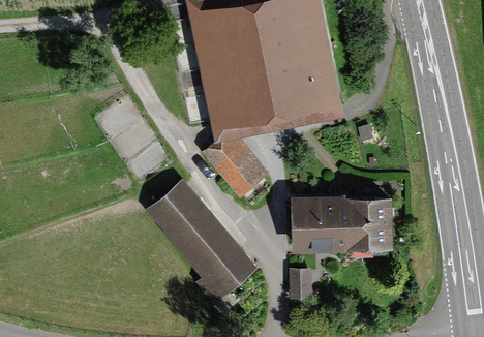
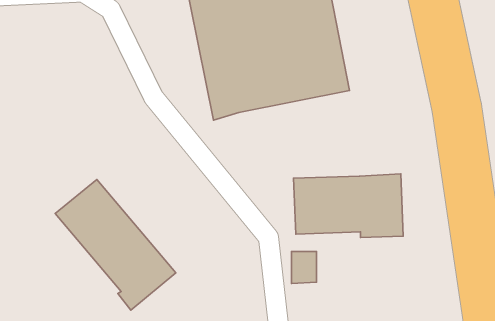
building: [202,137,270,200] -> none
building: [145,179,259,302] -> [55,180,176,310]

